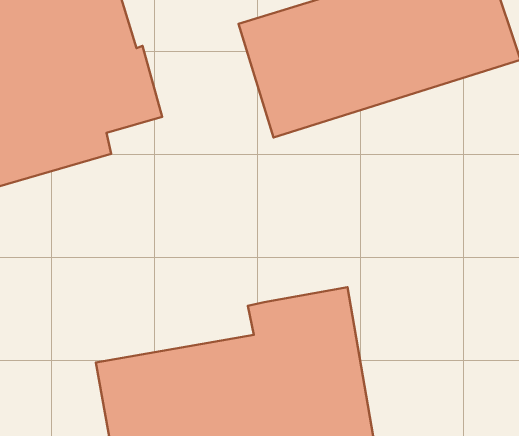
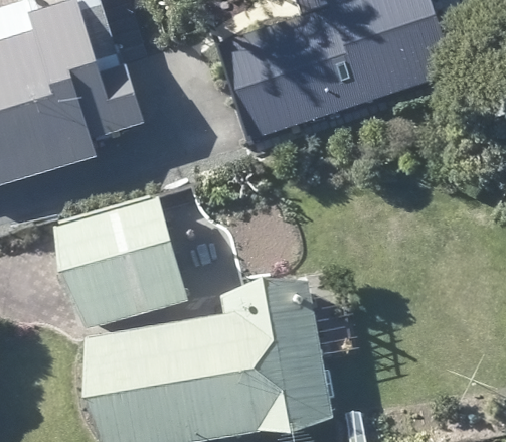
building: none -> [52,196,187,330]

